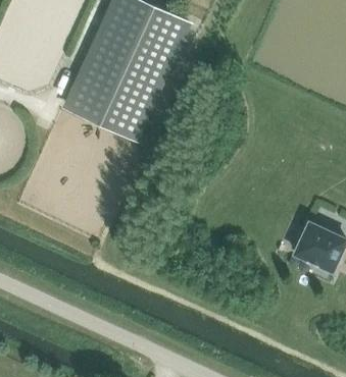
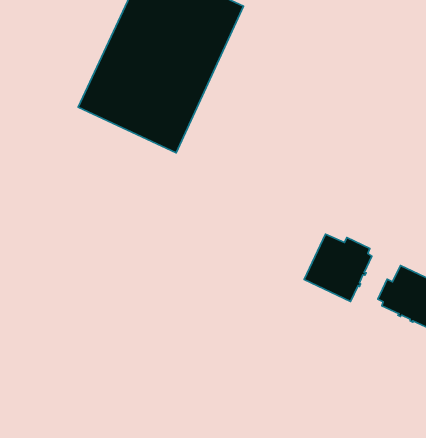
building: none -> [304,234,372,302]

